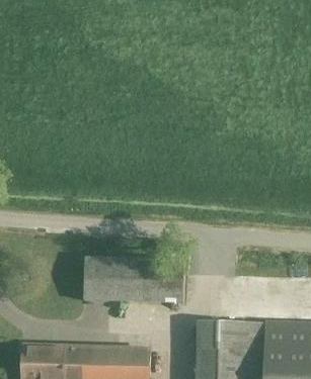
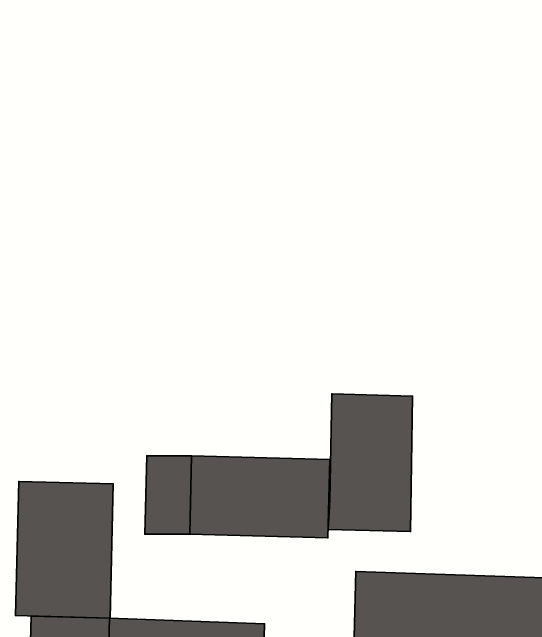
building: none -> [328,394,412,532]
building: none -> [16,481,113,618]

